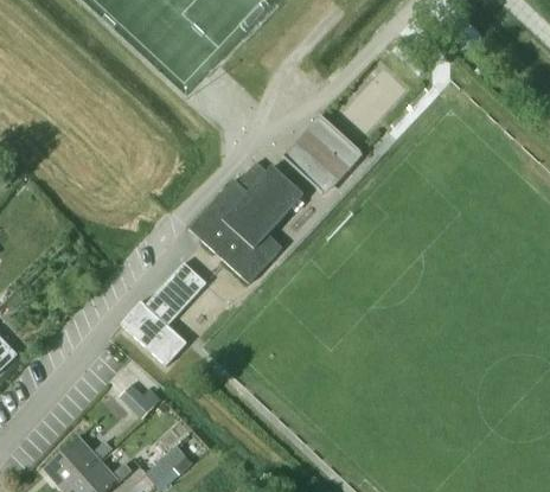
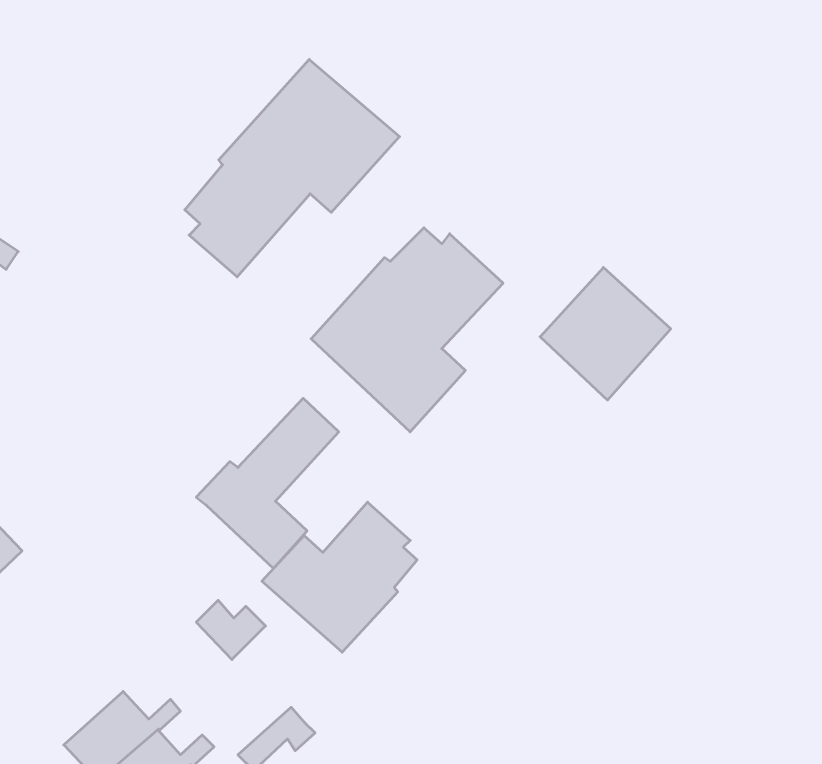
building: none -> [185,59,400,277]
building: [282,114,360,193] -> [540,267,671,400]
building: none -> [262,502,417,652]

